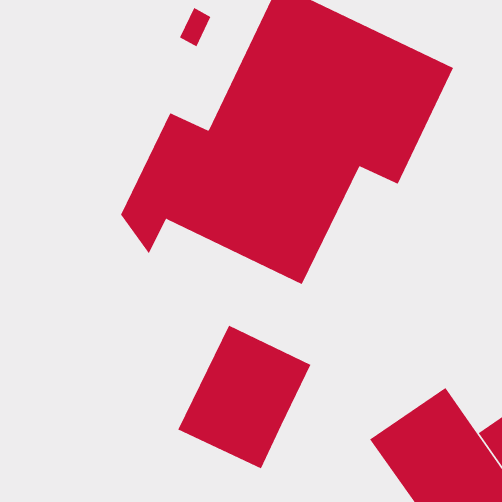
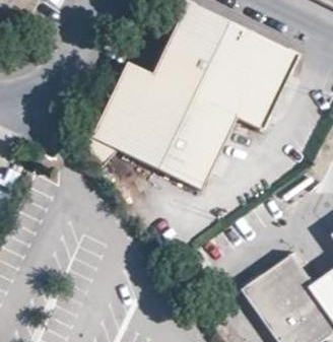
building: [177,325,311,469] -> none

